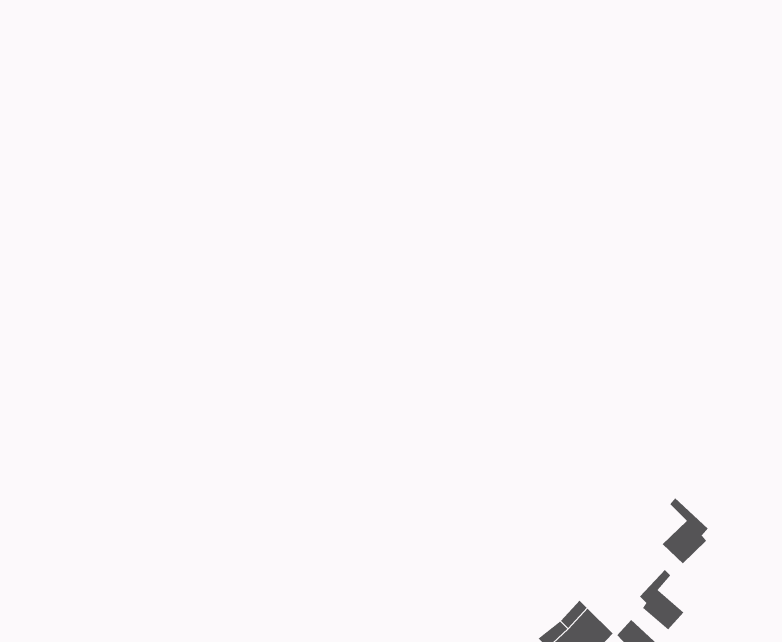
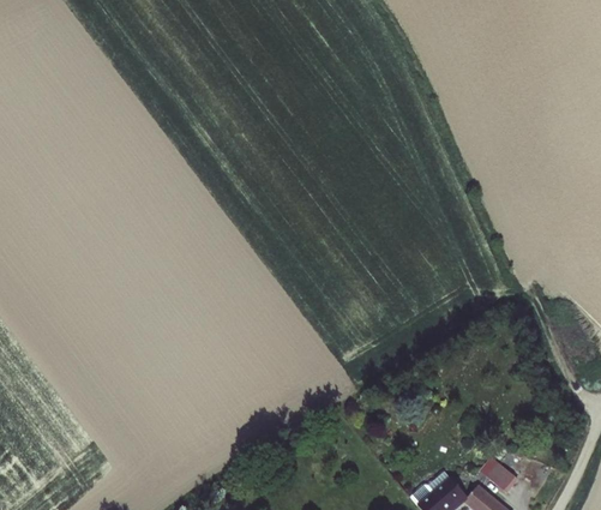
building: [662,498,708,564] -> none

